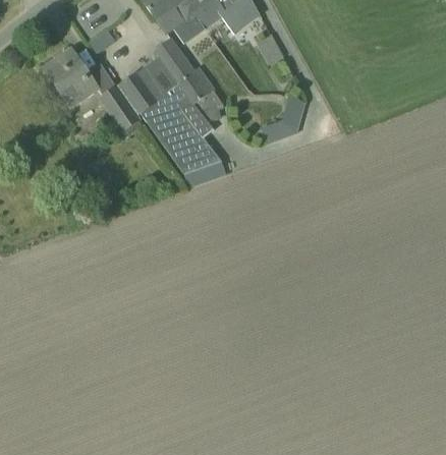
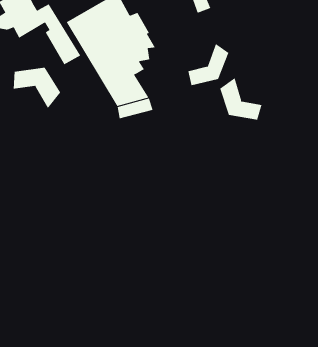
building: none -> [219,77,262,121]
building: none -> [13,67,61,109]

